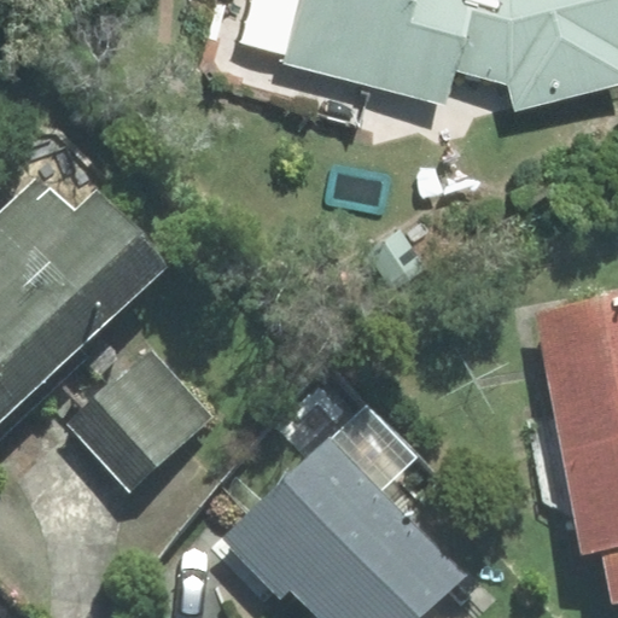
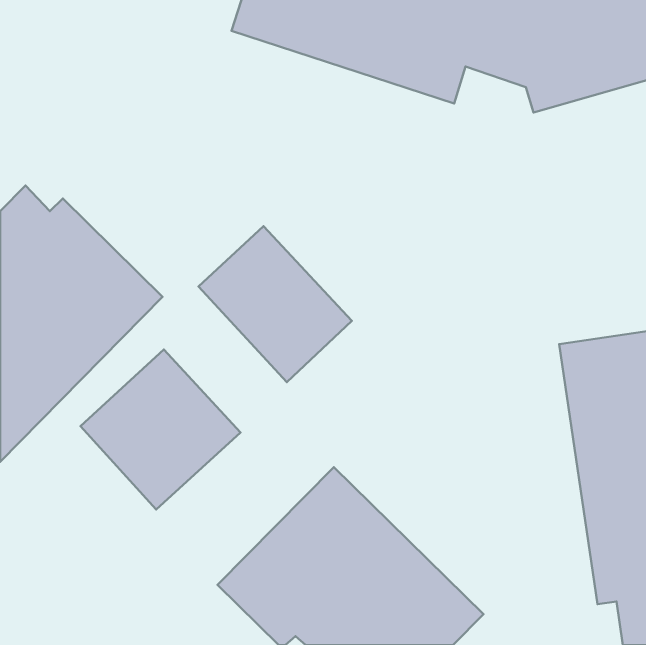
building: none -> [199,226,352,382]

